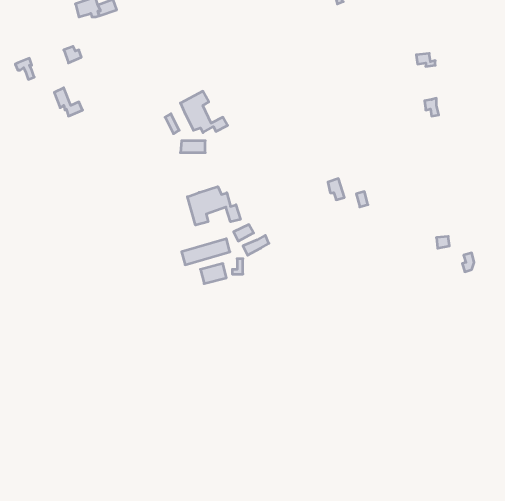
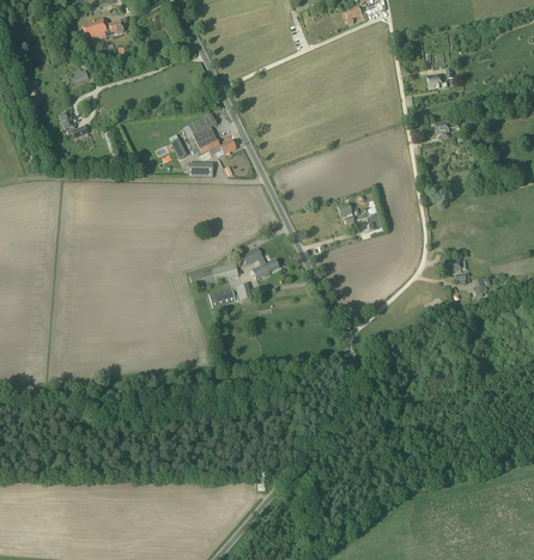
building: [187,187,240,225] -> none

